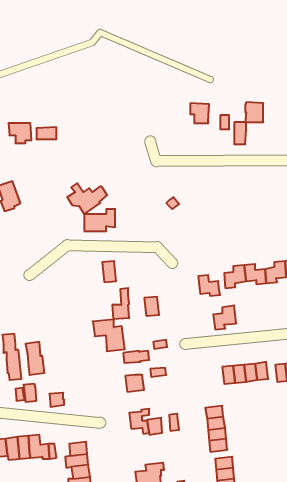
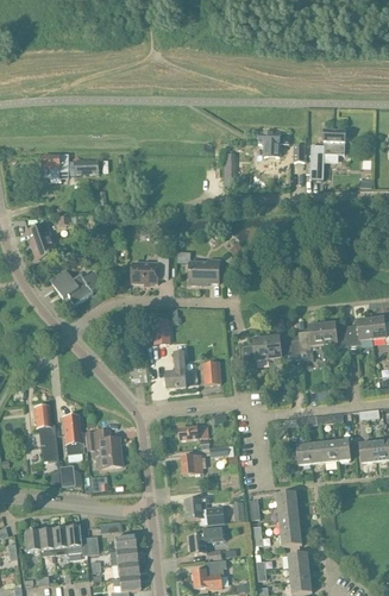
building: [67,183,107,214] -> [55,268,102,305]
building: none -> [189,258,220,283]
building: [213,305,236,329] -> [243,335,270,364]
building: [93,319,125,351] -> [84,428,123,466]
building: none -> [189,525,226,553]

